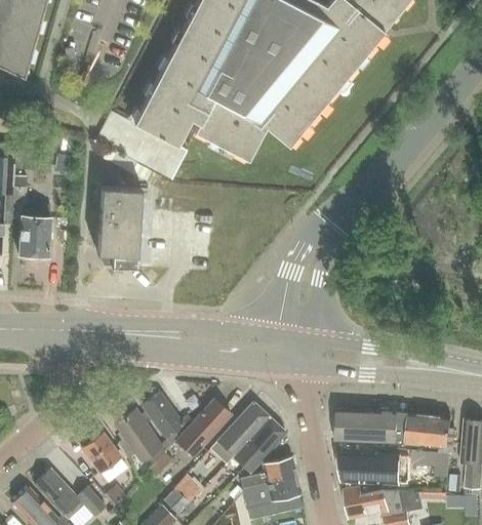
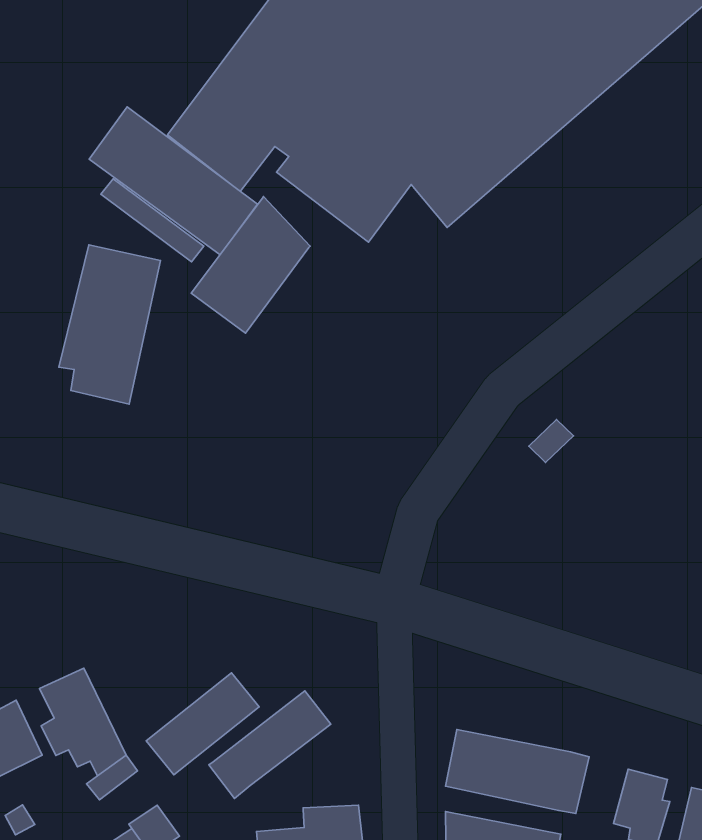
building: none -> [191,197,310,333]
building: [142,392,185,446] -> none
building: [407,412,431,445] -> none
building: [234,417,287,472] -> none

